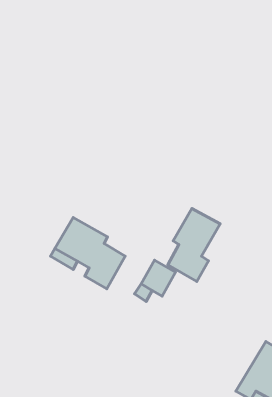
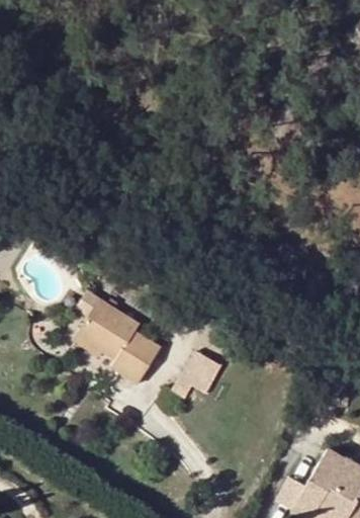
building: [168,209,220,282] -> none

